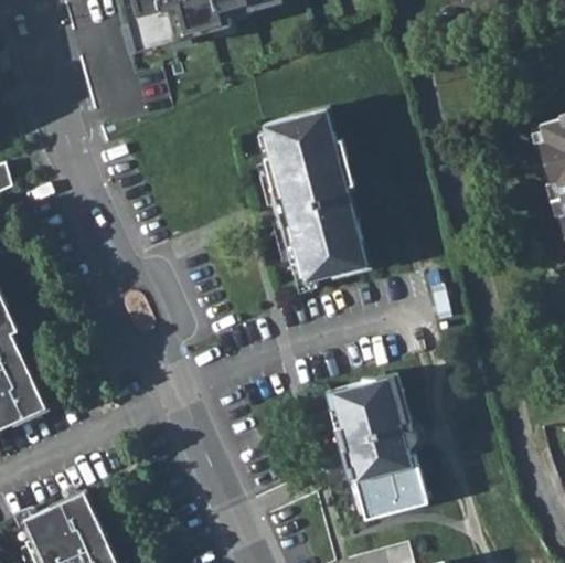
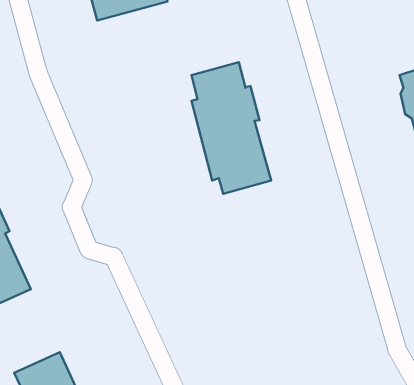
building: [331,373,426,518] -> none

